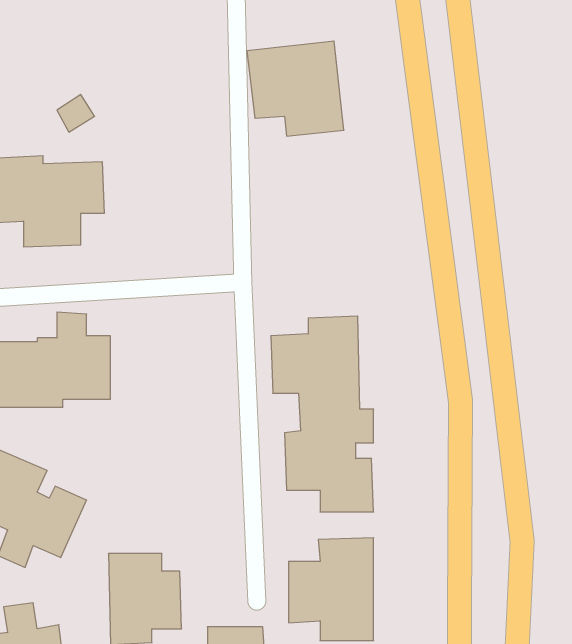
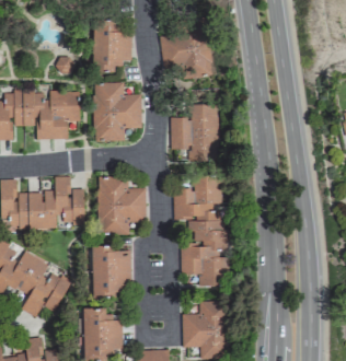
building: none -> [93,21,132,71]
building: none -> [94,82,142,140]
building: none -> [171,105,218,160]
building: none -> [99,176,147,234]
building: none -> [92,245,132,294]

